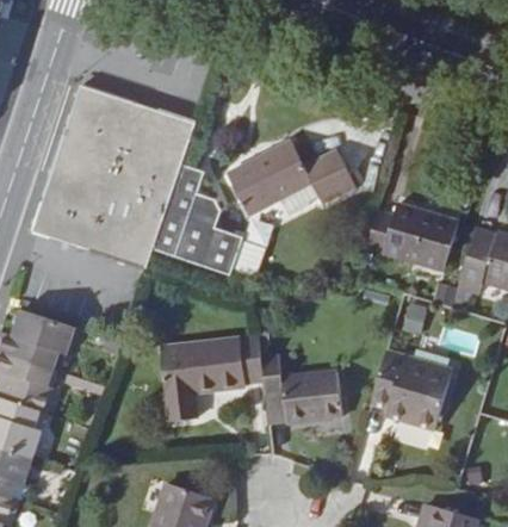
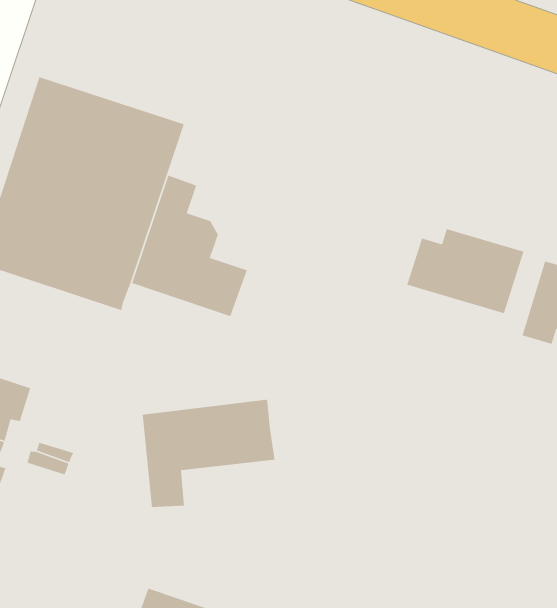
building: [228,143,354,215] -> none
building: [370,352,452,430] -> none
building: [261,359,341,426] -> none

